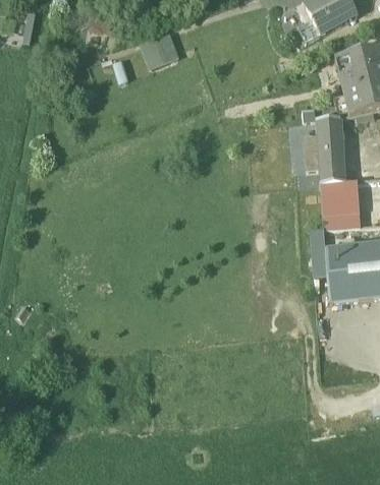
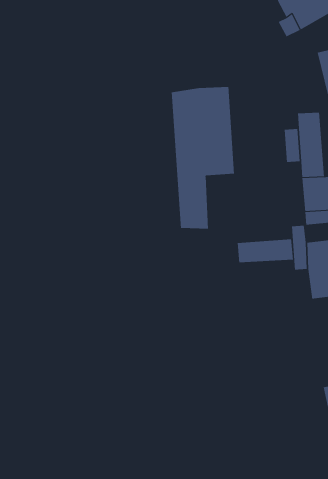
building: [141,32,179,67] -> none
building: none -> [171,86,235,230]
building: none -> [237,239,294,263]

